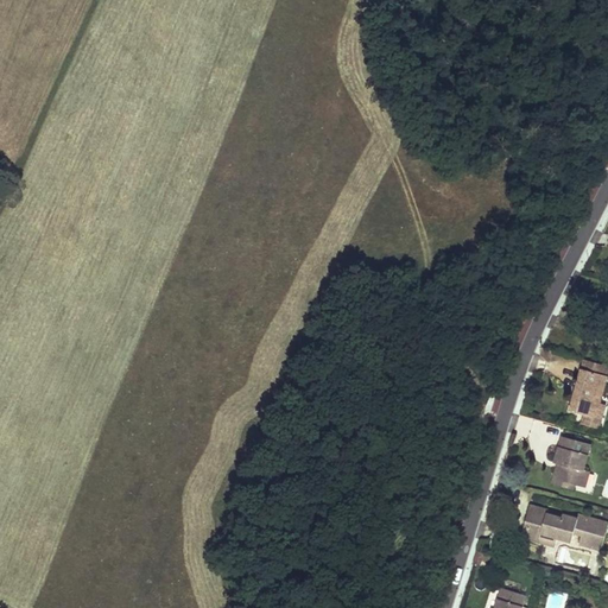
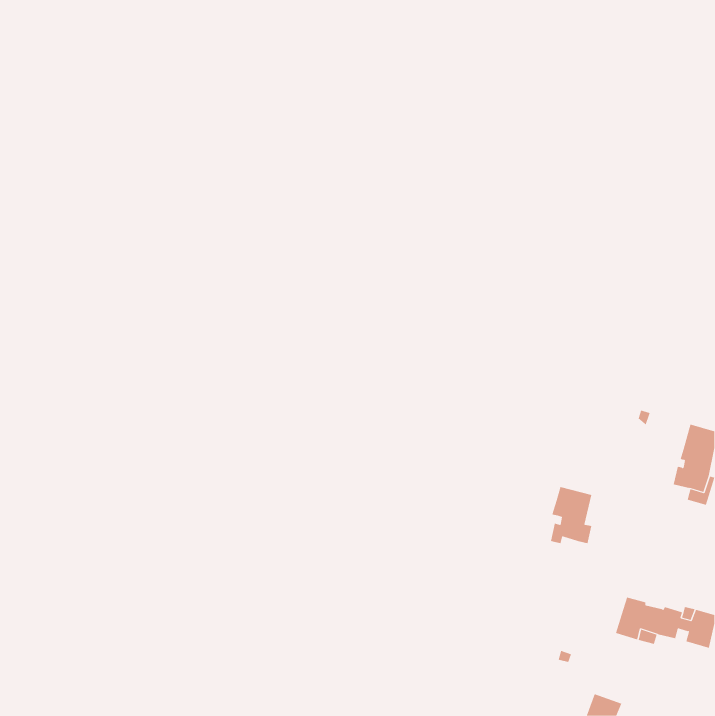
building: [552,437,588,486] -> [550,486,592,544]

